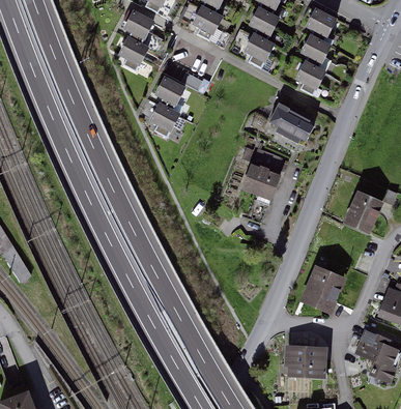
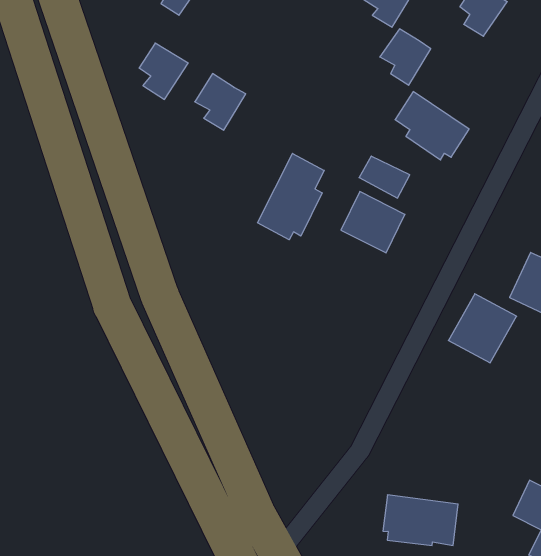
building: [295,61,325,94] -> [380,29,431,85]
building: [155,77,184,110] -> [139,43,188,99]
building: none -> [258,153,324,240]
building: [304,268,343,309] -> [448,294,517,363]

